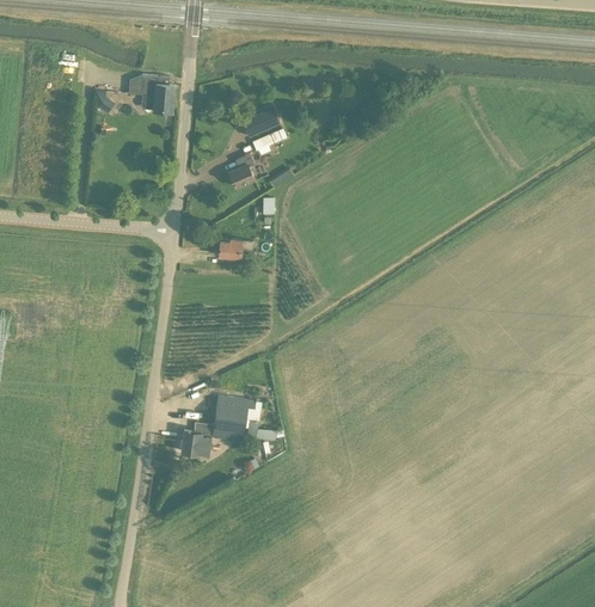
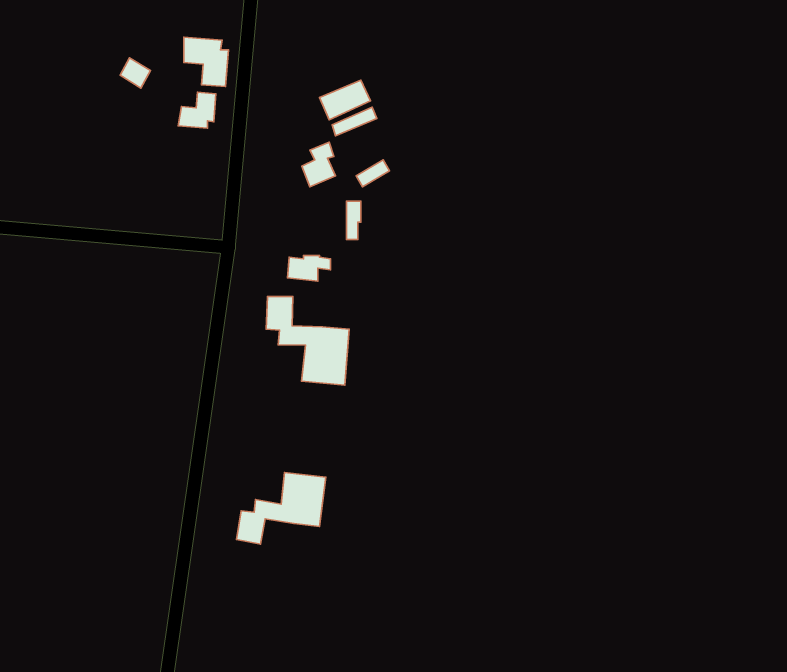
building: none -> [178,92,216,128]
building: none -> [266,297,349,385]

